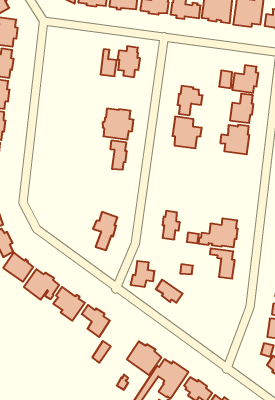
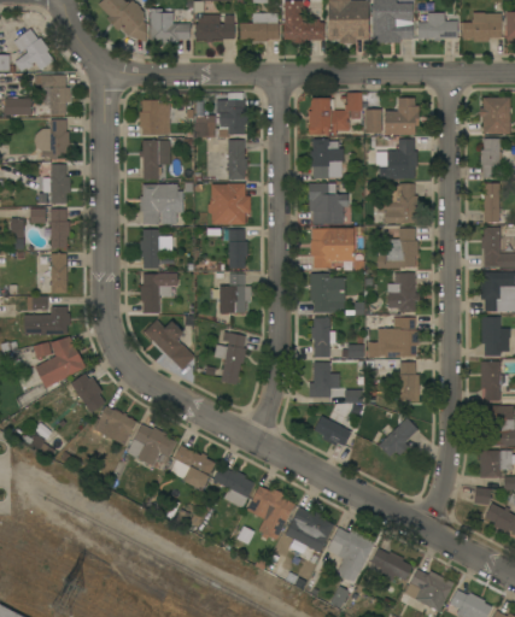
building: none -> [140,100,170,135]
building: none -> [309,93,362,135]
building: none -> [140,140,165,180]
building: none -> [220,140,247,180]
building: none -> [140,184,185,224]
building: none -> [140,229,172,269]
building: none -> [311,228,355,268]
building: none -> [378,228,419,268]
building: none -> [140,274,171,313]
building: none -> [210,274,251,313]
building: none -> [310,274,345,312]
building: none -> [388,272,420,312]
building: none -> [144,319,195,370]
building: [131,261,155,287] -> [309,363,340,398]
building: none -> [379,417,419,457]
building: none -> [247,486,294,540]

